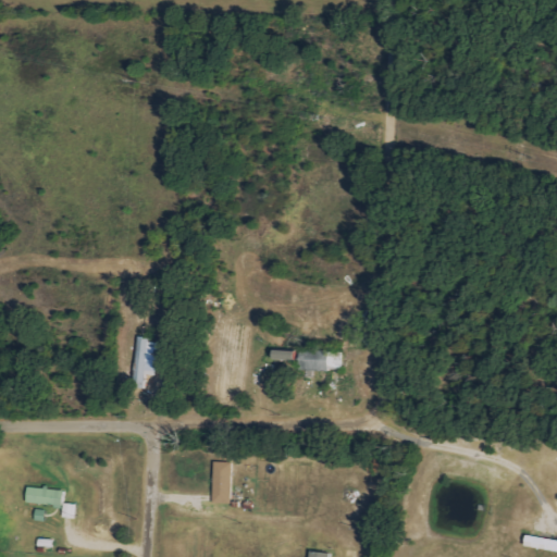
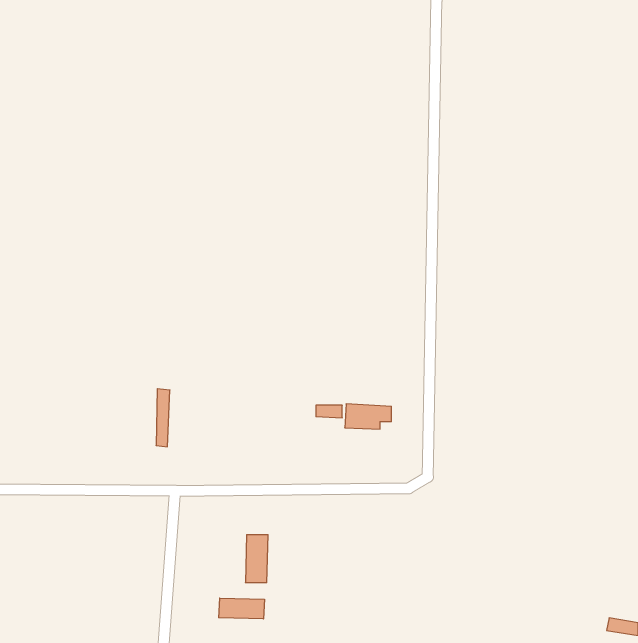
building: [25,485,64,507] -> none
building: none -> [219,598,264,619]

